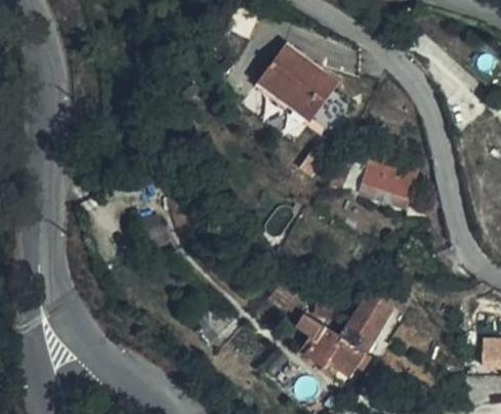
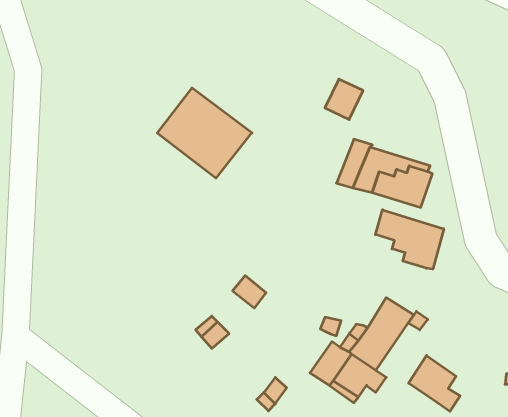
building: [254,43,338,123] -> [157,88,252,178]
building: none -> [375,210,444,269]
building: none -> [409,355,460,411]

